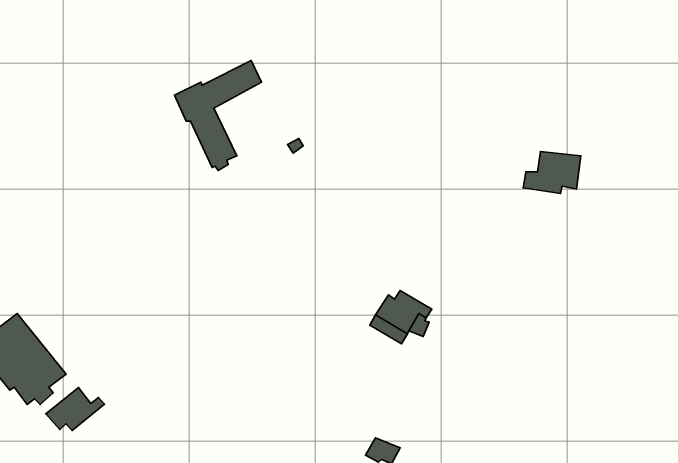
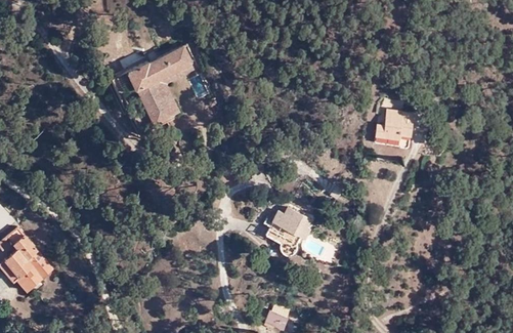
building: none -> [156,61,194,114]
building: [46,388,105,431] -> none

